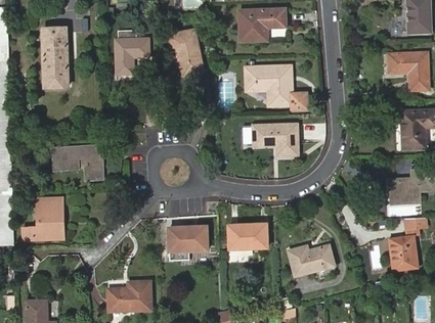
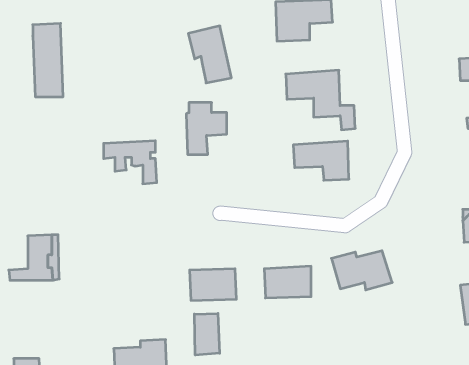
building: [116,31,148,73] -> [186,103,227,154]
building: [59,145,102,180] -> [104,141,157,184]
building: [287,246,336,278] -> [331,251,392,290]
building: none -> [194,313,220,355]

